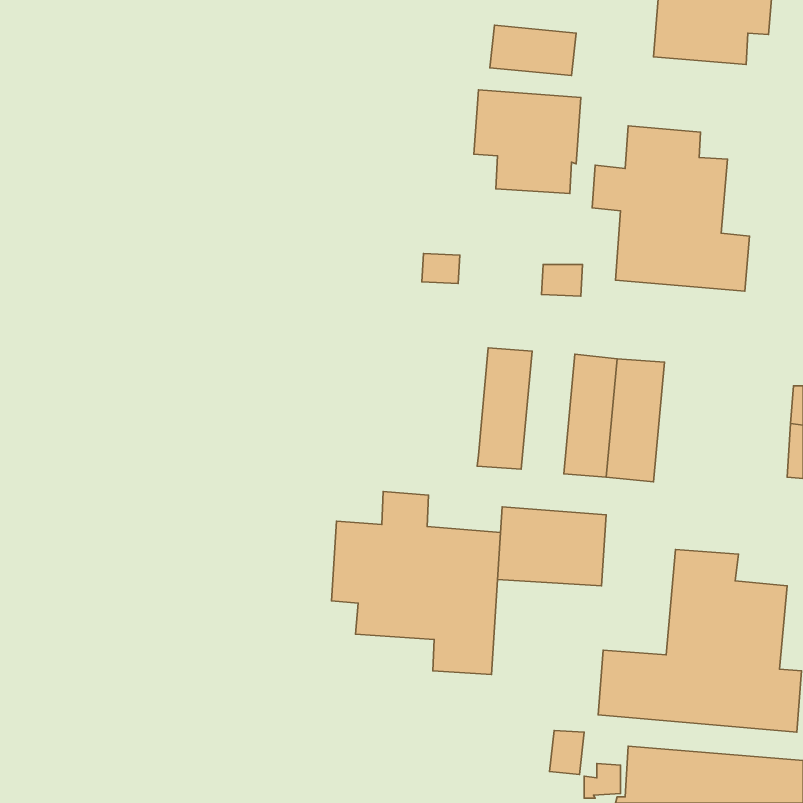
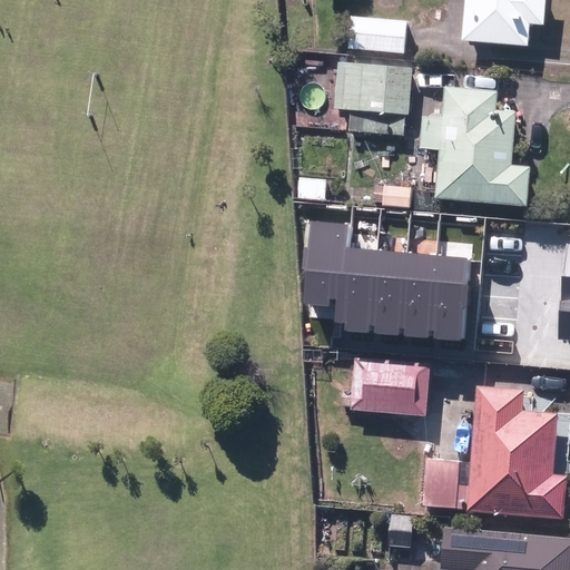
building: none -> [302,219,347,322]
building: none -> [368,248,406,335]
building: [332,492,501,675] -> none

